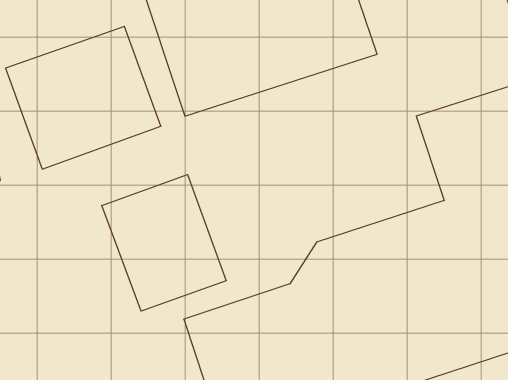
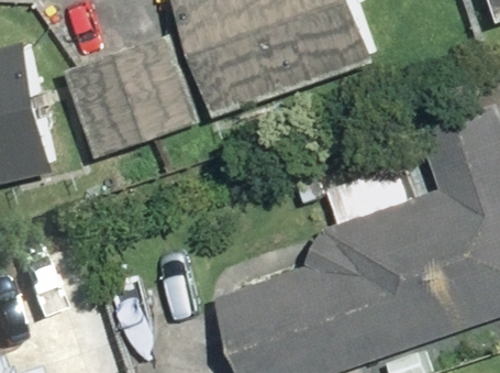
building: [102,175,226,311] -> none

